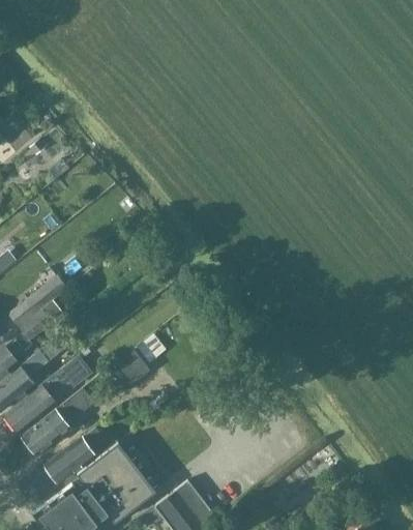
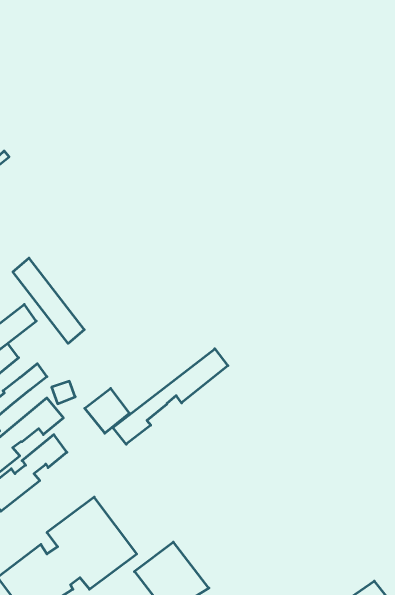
building: none -> [13,258,84,343]
building: none -> [113,349,228,444]
building: [42,429,101,482] -> none

